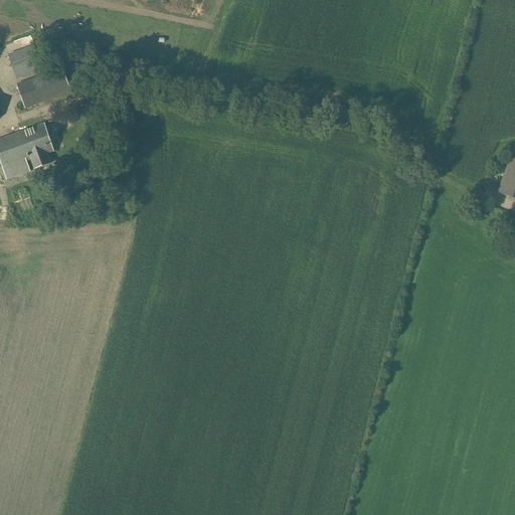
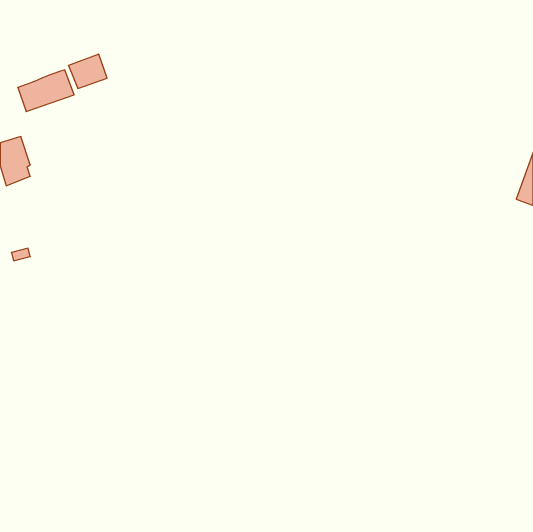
building: [8,44,45,77] -> [68,54,107,88]
building: [20,123,53,168] -> none

